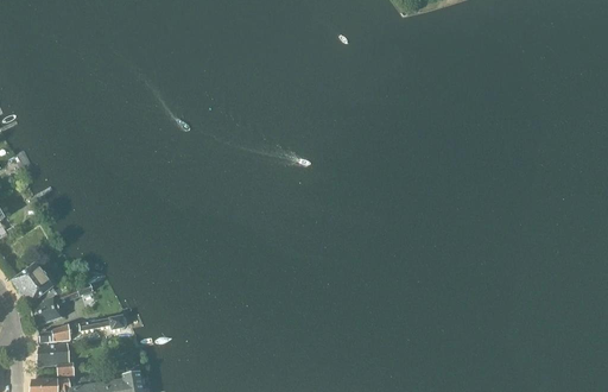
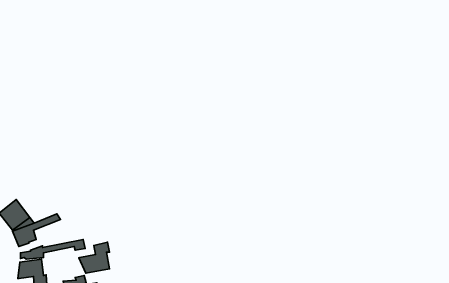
building: none -> [79,242,110,273]

